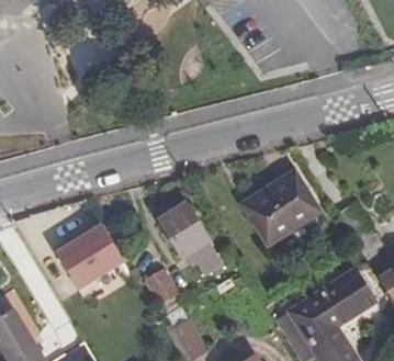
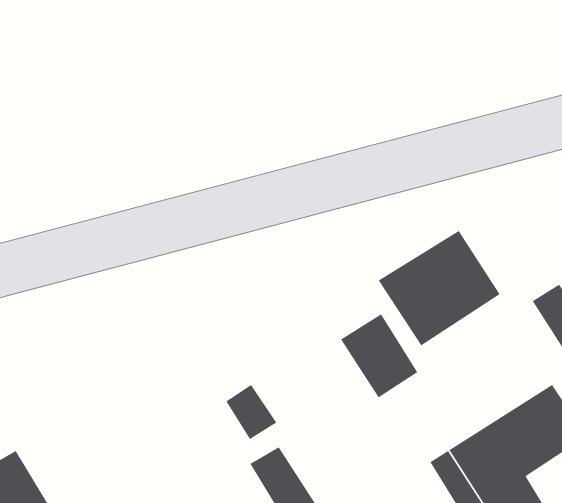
building: [160,203,210,257] -> [340,313,418,398]
building: [47,221,122,292] -> none

